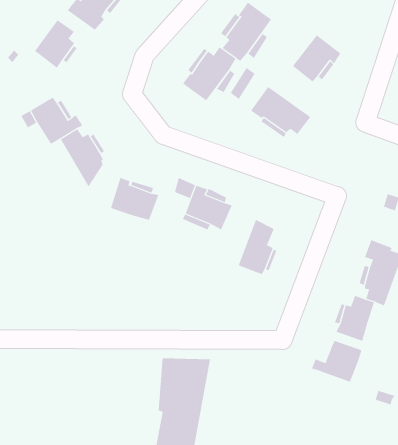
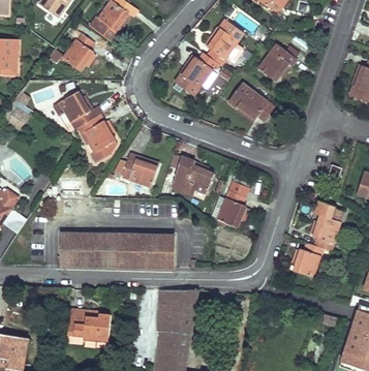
building: none -> [60,234,174,267]
building: [311,340,362,382] -> none
building: none -> [66,311,110,343]

